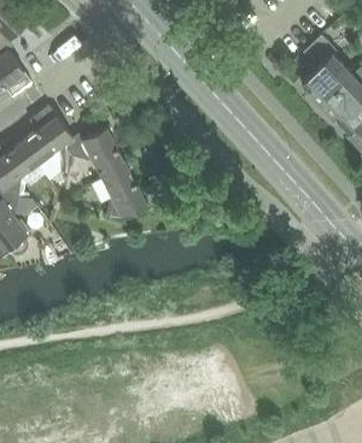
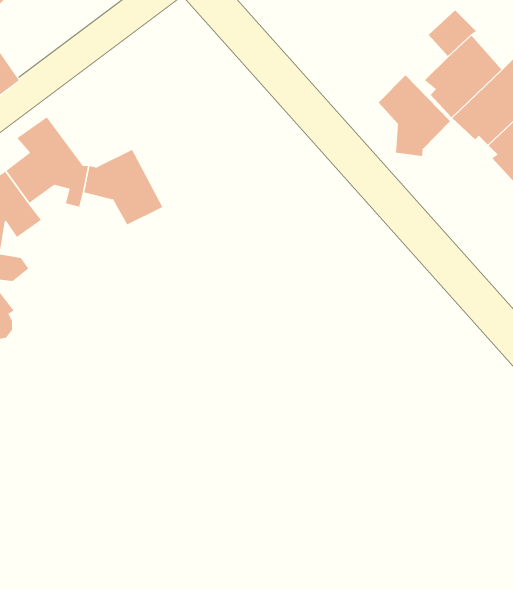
building: none -> [378,75,451,157]
building: [91,166,147,223] -> none

